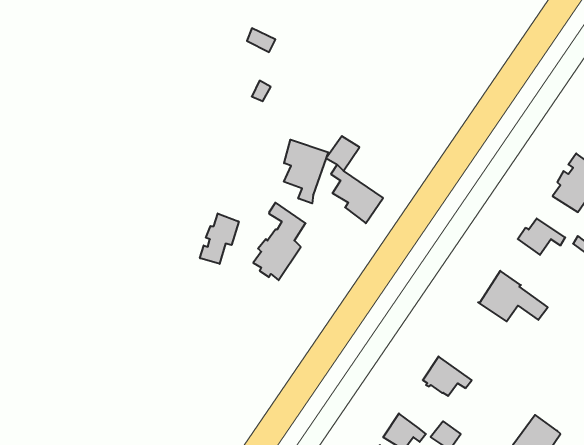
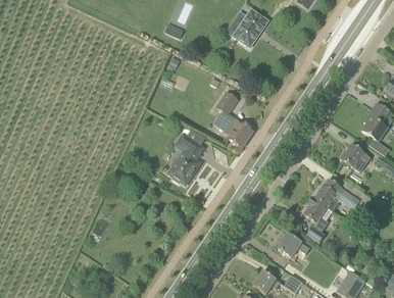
building: none -> [233,8,267,46]
building: [284,140,328,203] -> none
building: [200,213,239,264] -> none
building: none -> [303,196,332,242]

